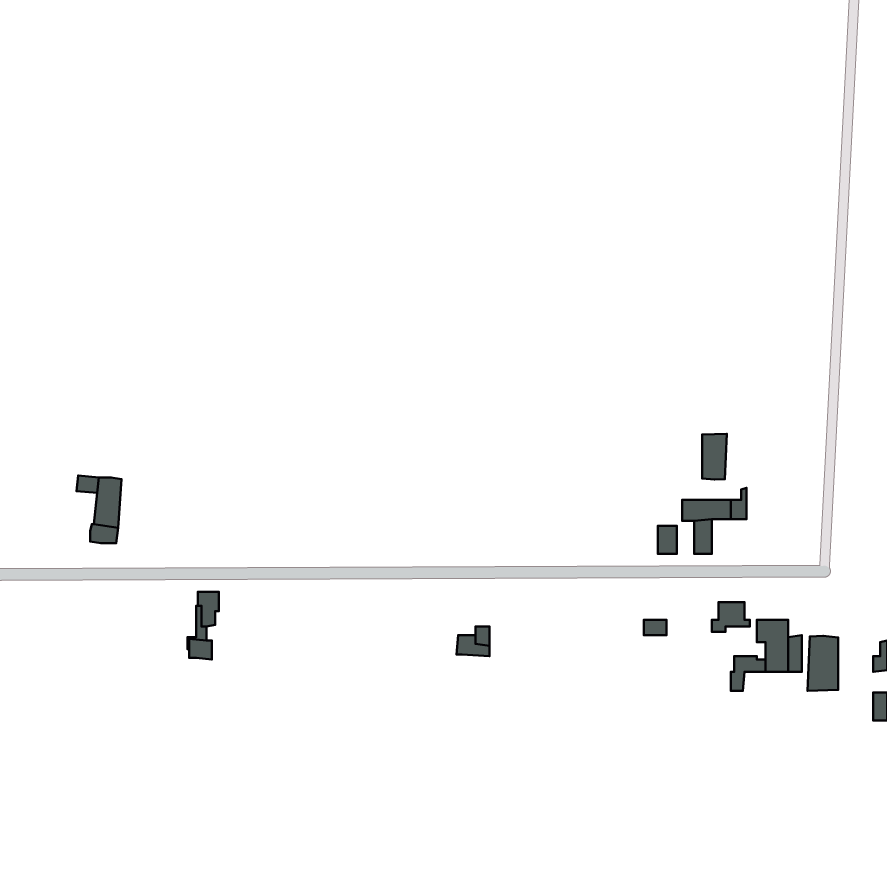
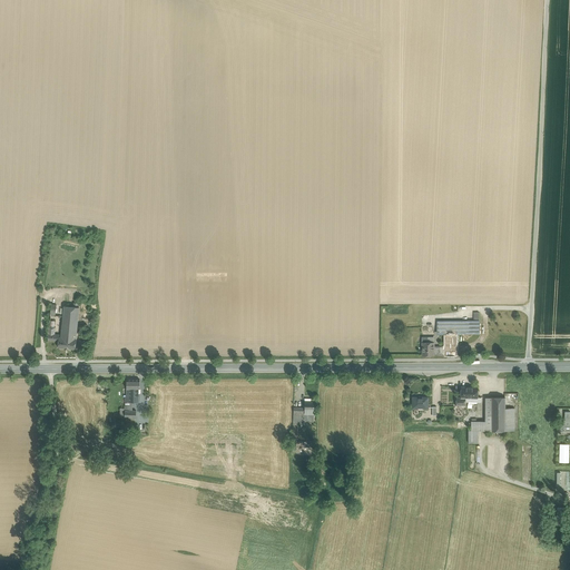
building: [702,434,727,480] -> none
building: [807,636,838,691] -> none

